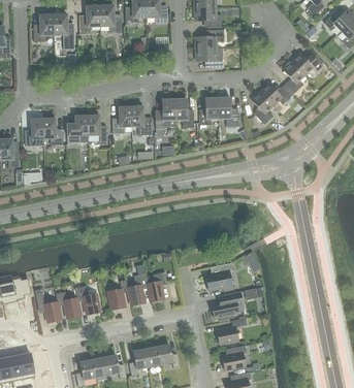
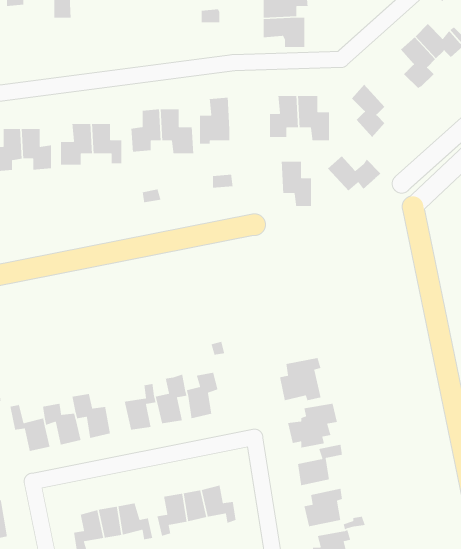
building: [259,82,293,104] -> [327,155,381,191]
building: [173,98,193,127] -> [281,161,312,207]

